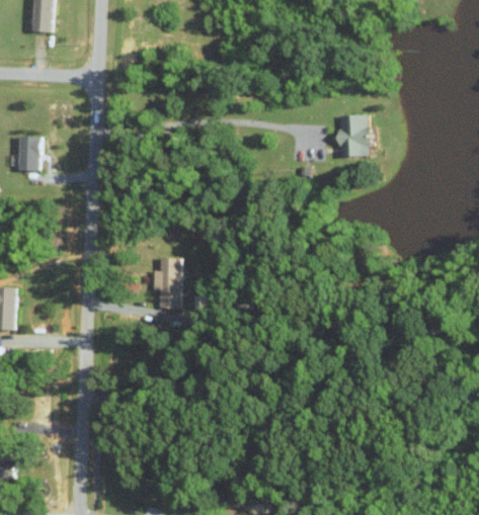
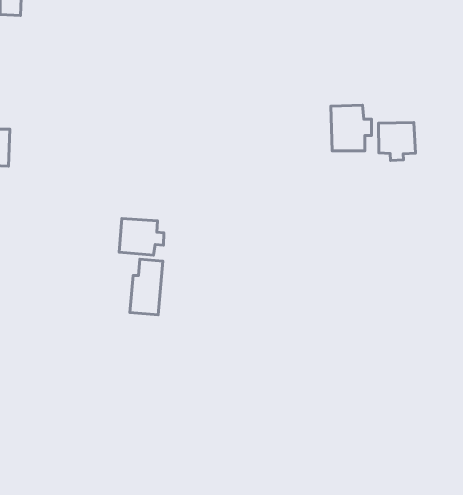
building: none -> [378,122,415,161]
building: none -> [119,219,164,255]

